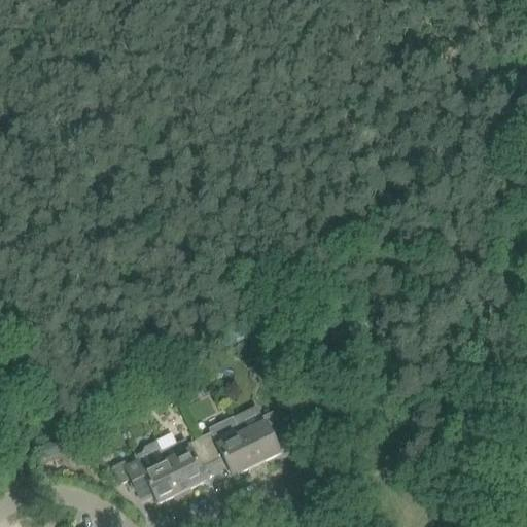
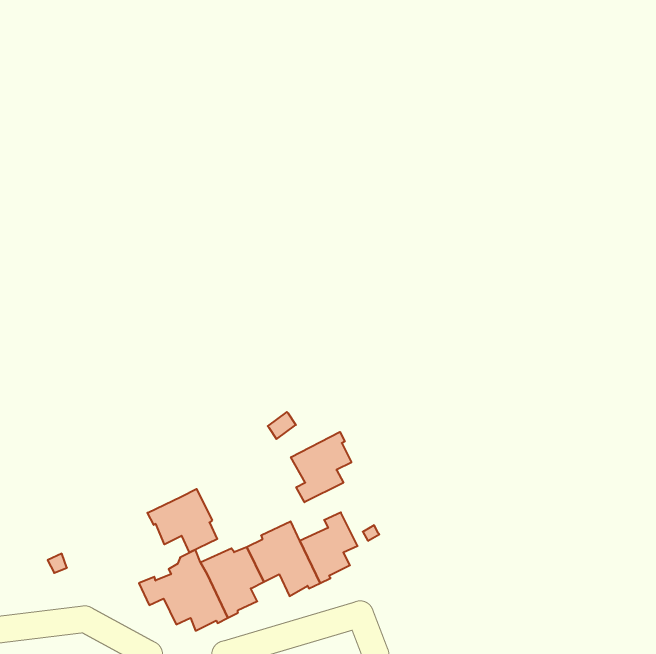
building: none -> [291,432,351,502]
building: none -> [147,489,217,553]

